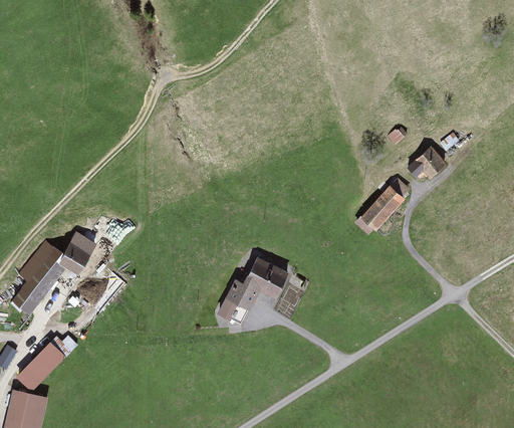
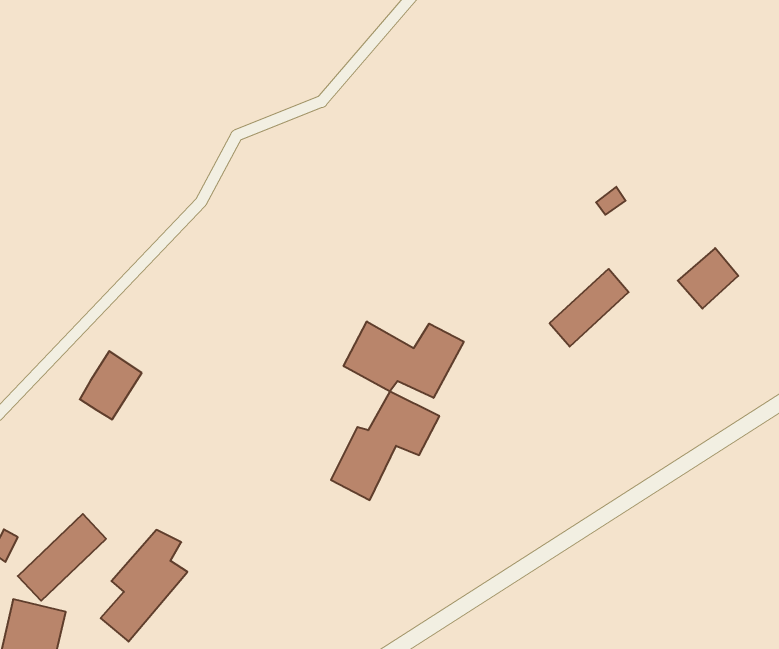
building: [408,146,447,185] -> [678,248,738,309]
building: none -> [344,321,464,398]
building: [10,242,66,314] -> [101,530,187,642]

